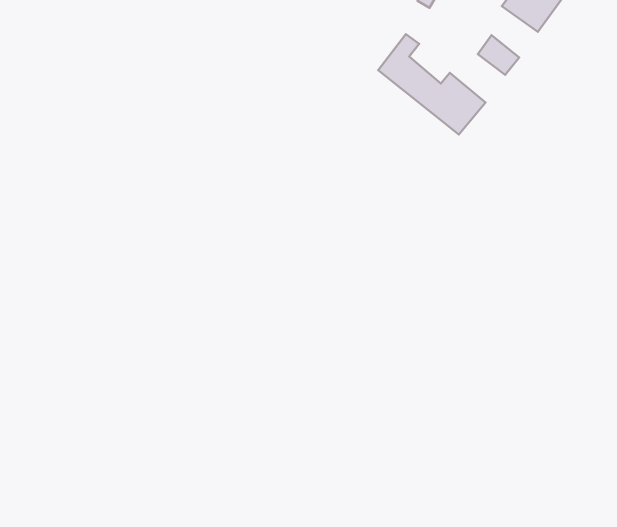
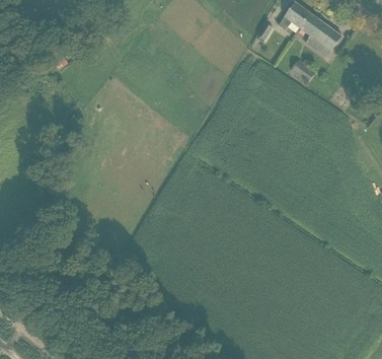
building: [378,34,486,135] -> none

